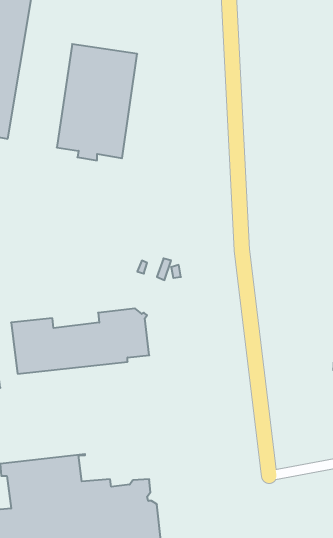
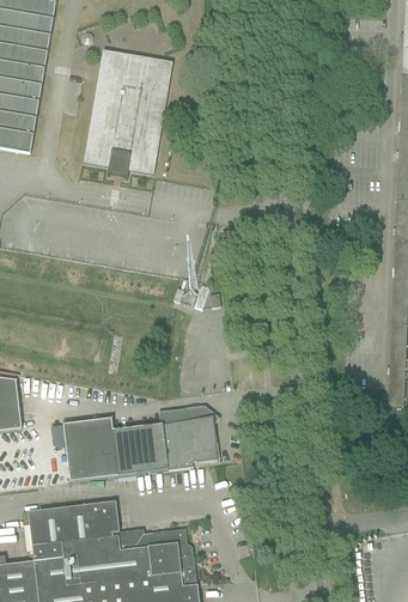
building: [11,308,149,374] -> [66,408,218,480]

